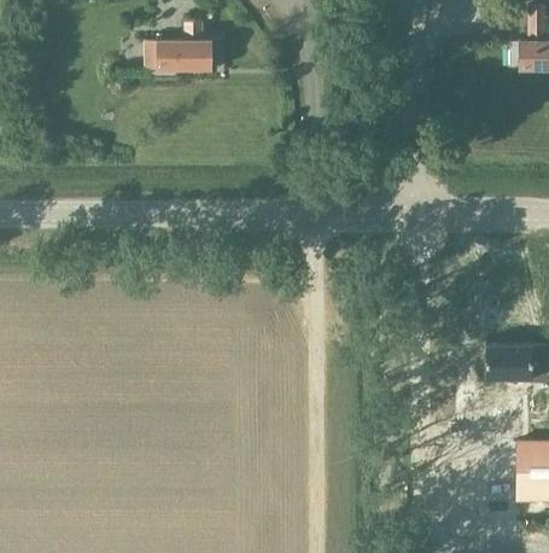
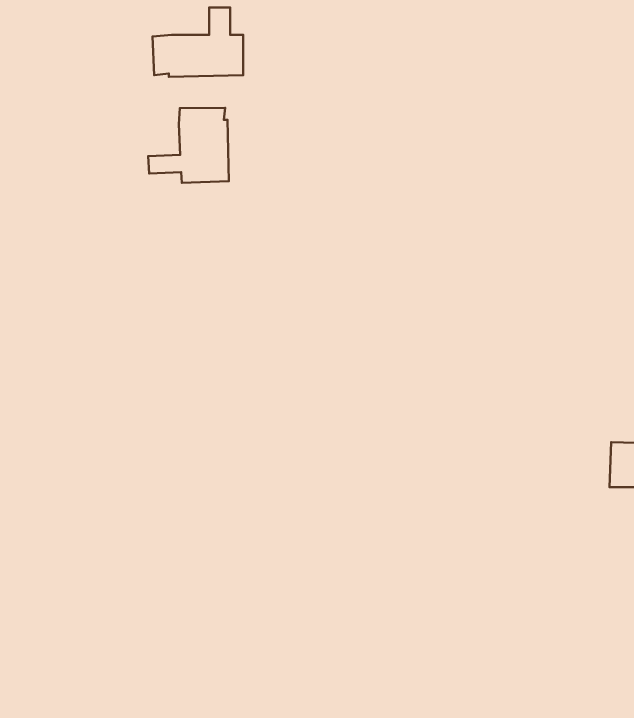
building: none -> [148,108,229,183]

